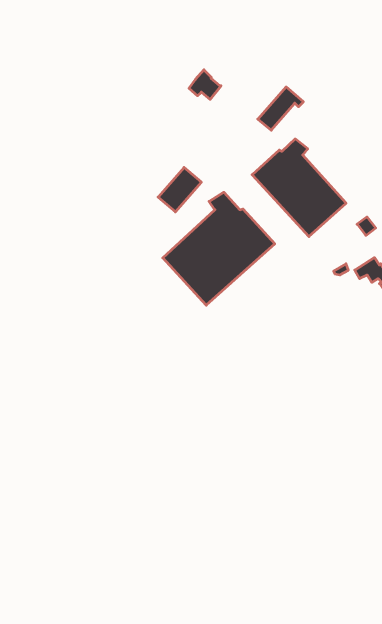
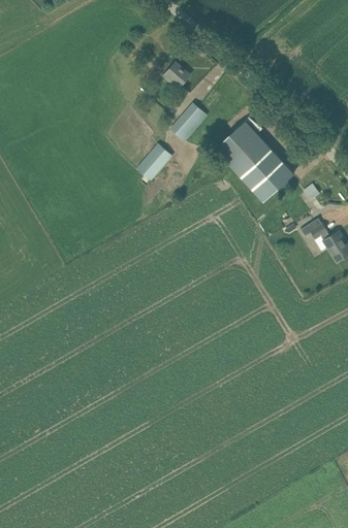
building: [258,87,303,130] -> [169,103,208,139]
building: [163,192,275,305] -> none

